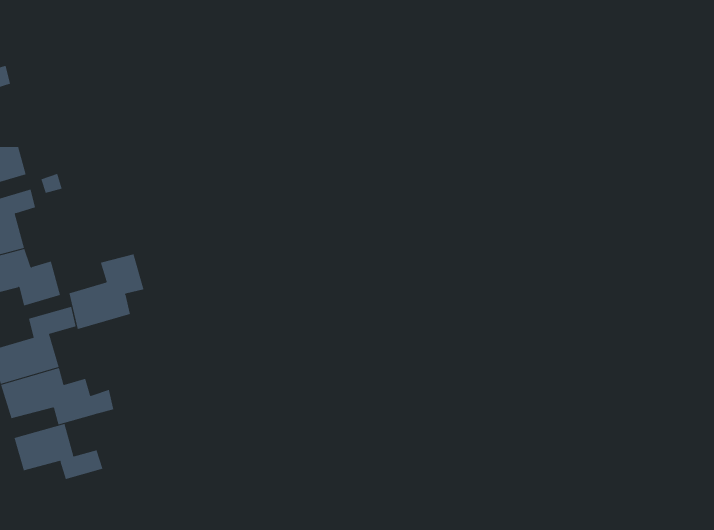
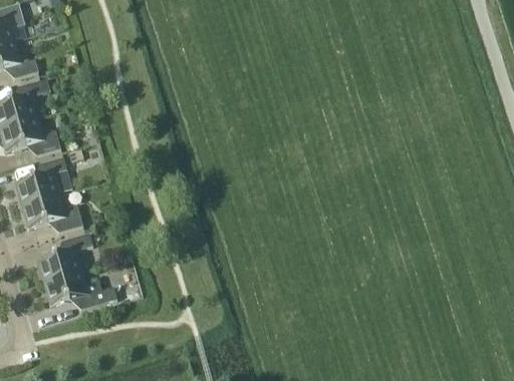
building: [69,254,144,330] -> none
building: [14,423,103,480] -> none

